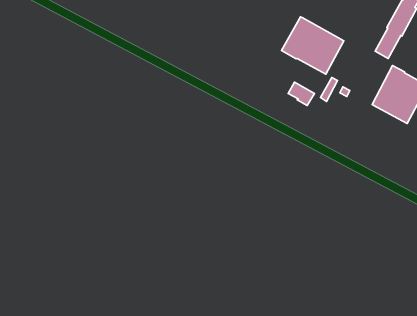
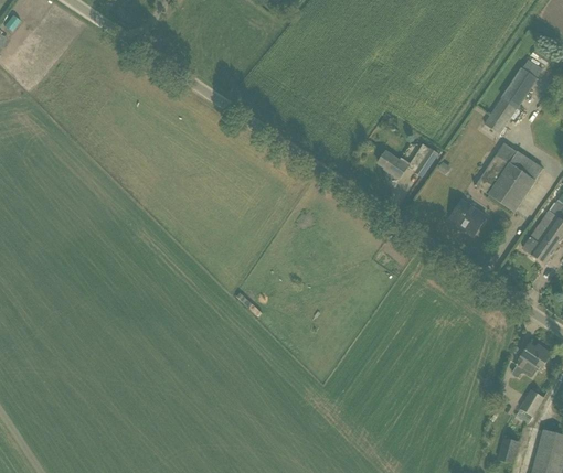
building: [281,17,344,74] -> none
building: none -> [450,198,487,234]

